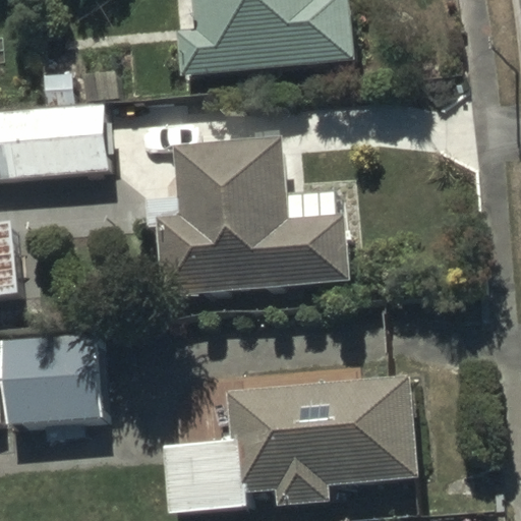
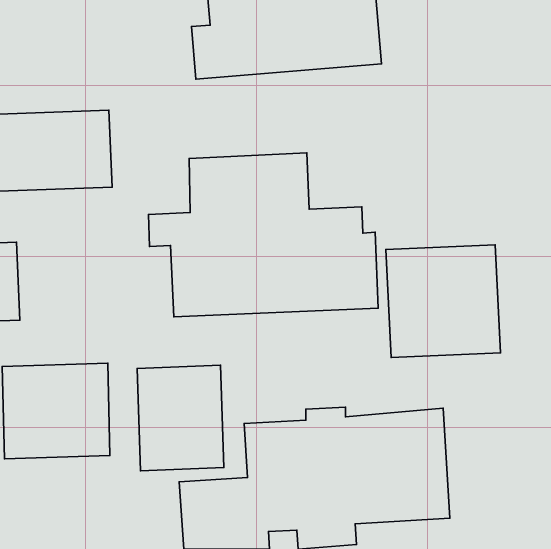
building: none -> [386,245,500,358]
building: none -> [137,365,224,471]

